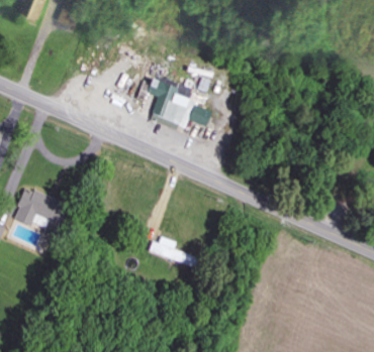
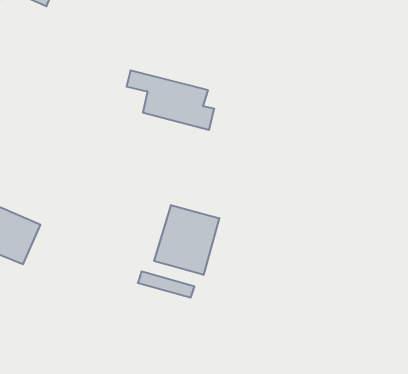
building: none -> [154,205,219,275]

